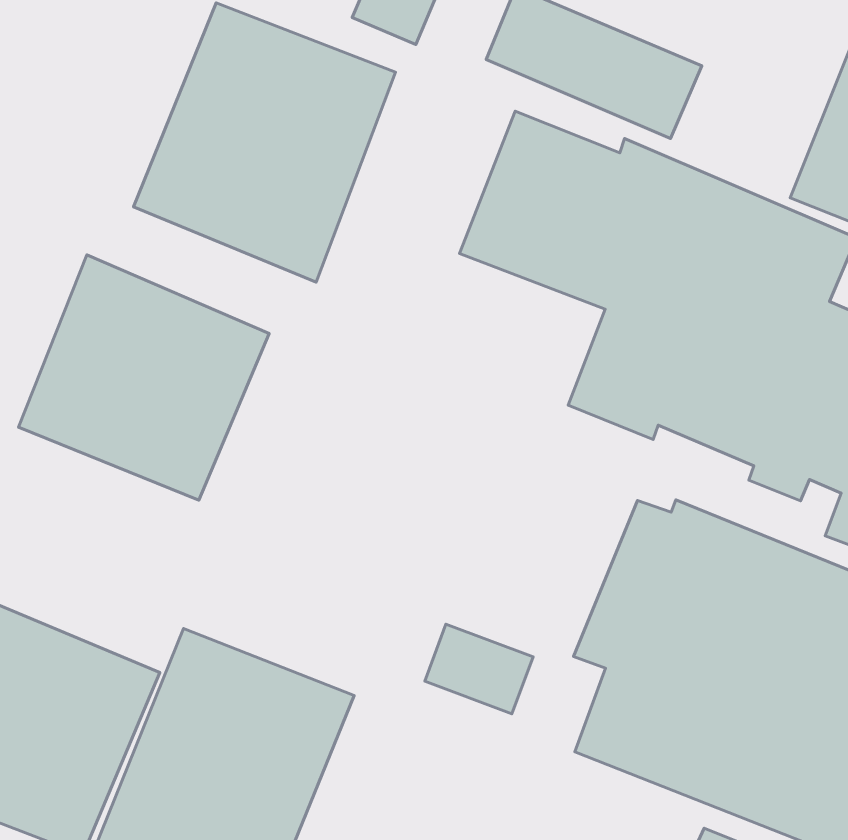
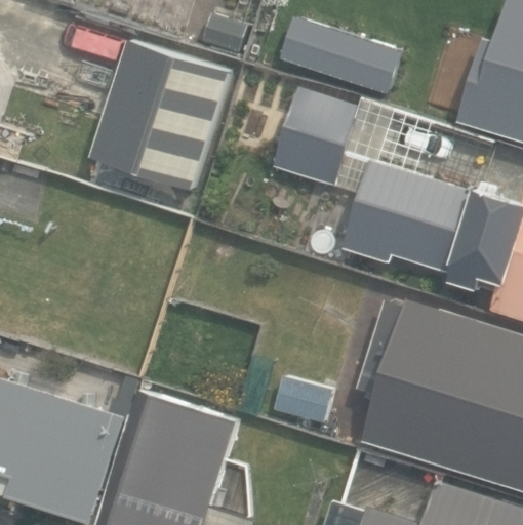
building: [18,255,269,500] -> none

